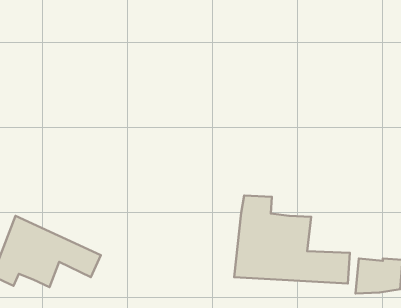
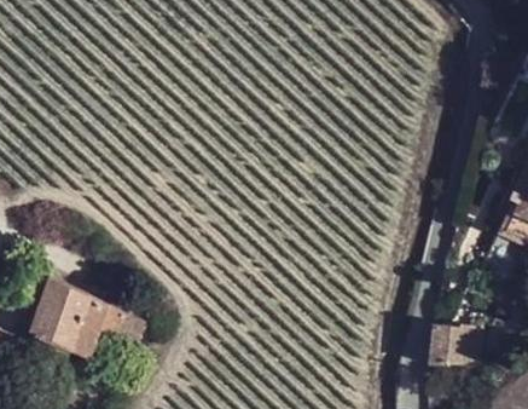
building: [234,195,350,283] -> none

